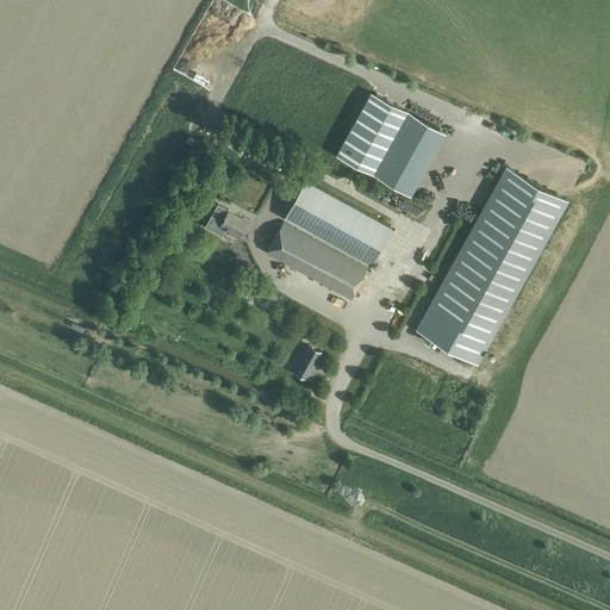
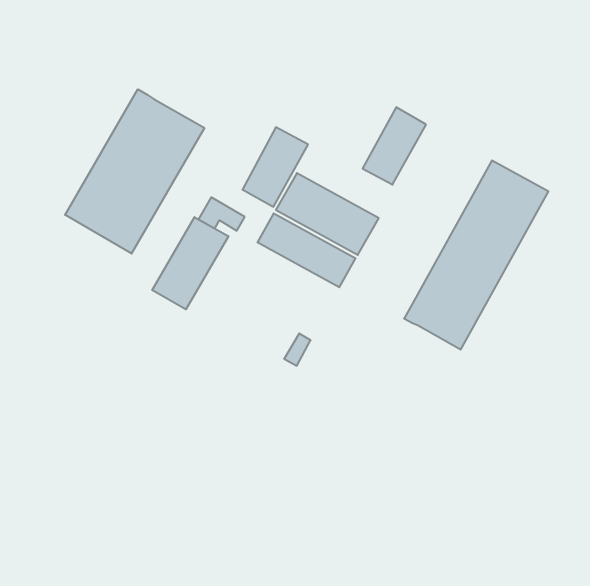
building: [341,95,409,178] -> [242,127,308,207]
building: none -> [65,89,204,254]
building: none -> [152,217,228,309]

